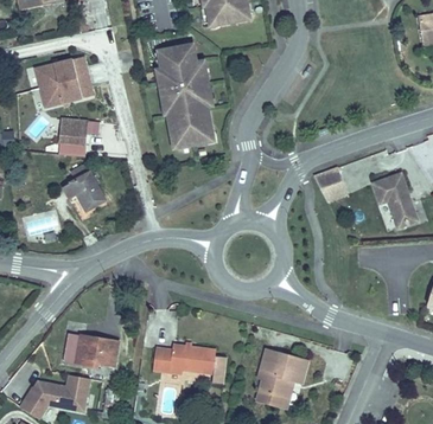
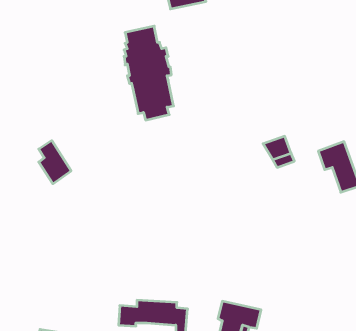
building: [34,54,94,107] -> none
building: [59,120,87,141] -> none
building: [62,335,116,368] -> none

